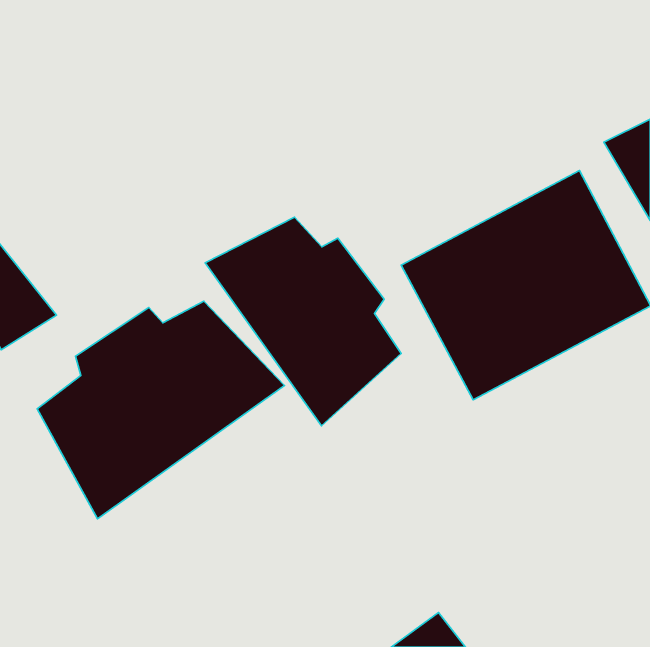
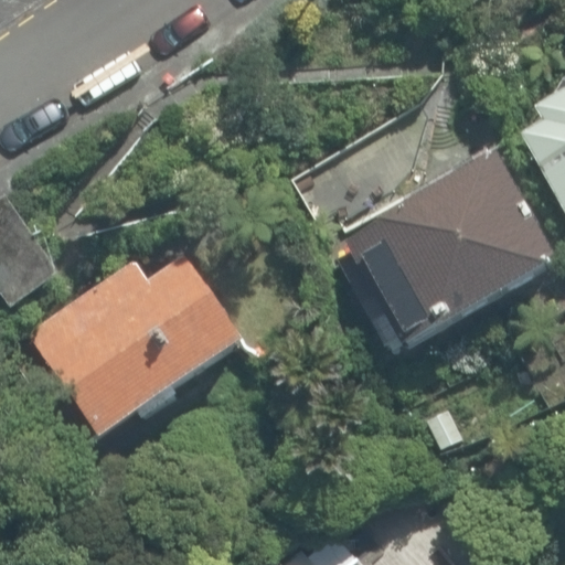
building: [205,217,401,426] -> none

